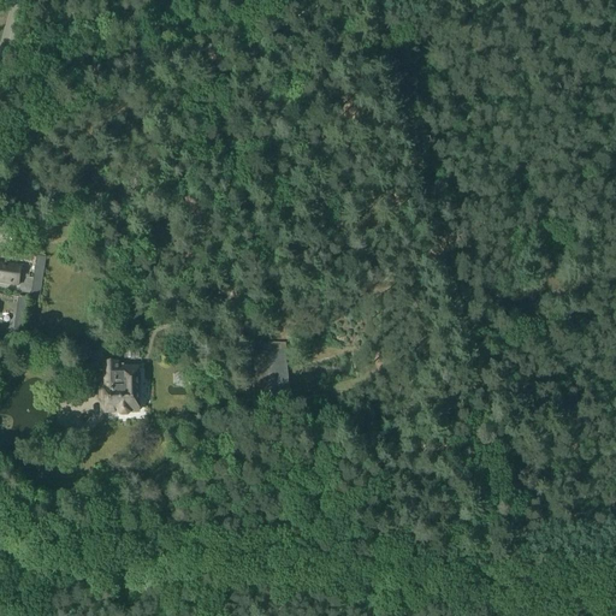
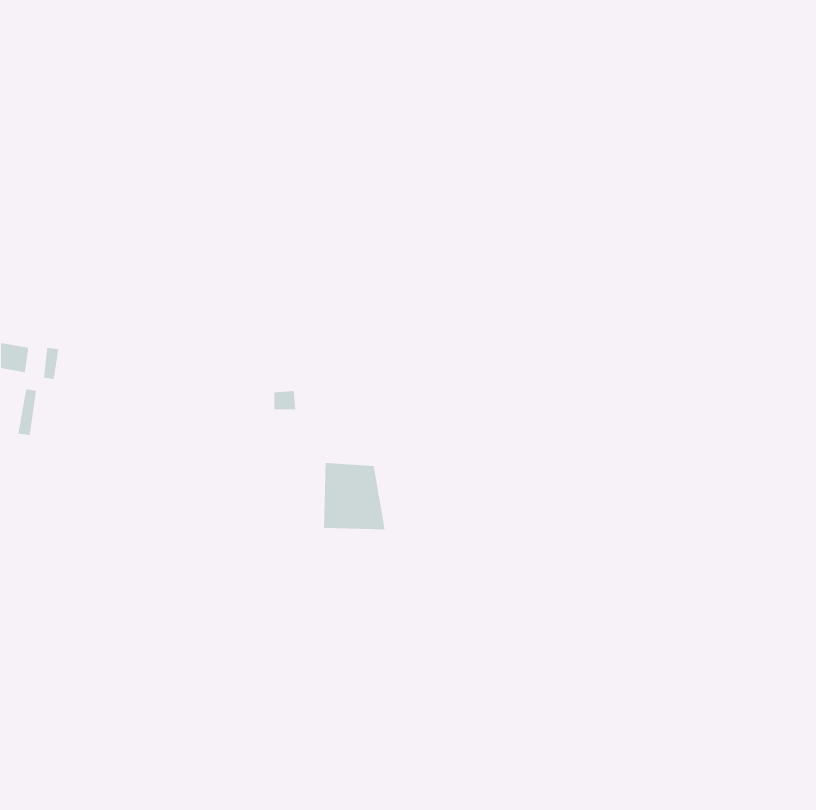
building: [107,359,141,409] -> none

